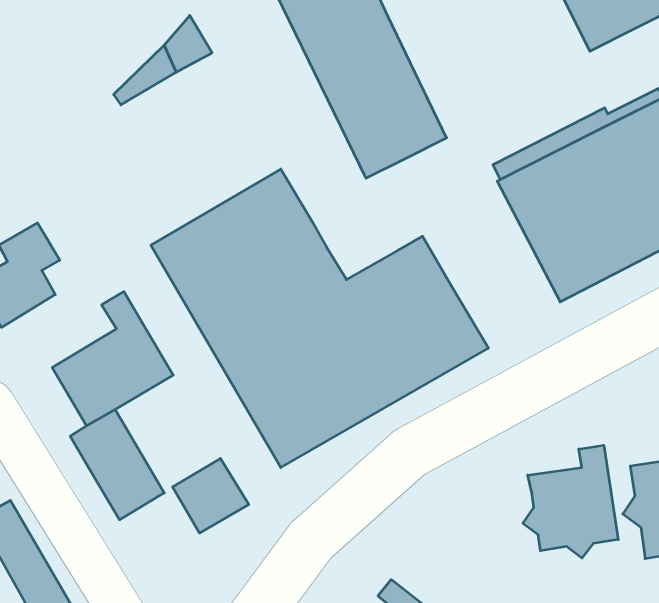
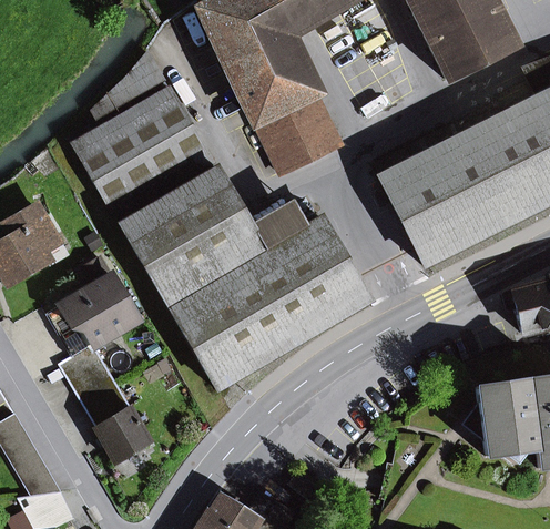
building: none -> [73,89,214,220]
building: none -> [252,204,305,250]
building: [523,445,618,558] -> none
building: [173,458,249,533] -> [95,408,152,464]

